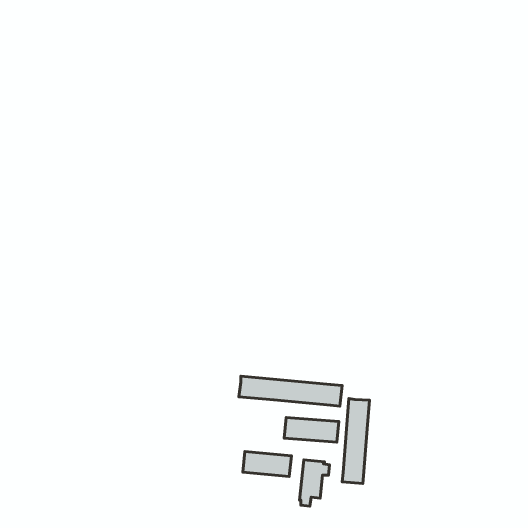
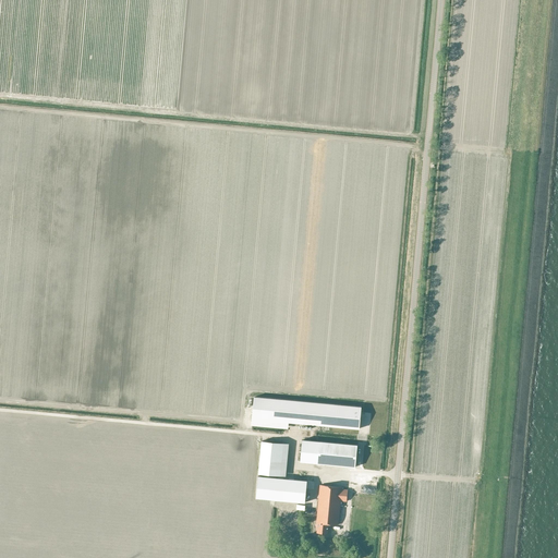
building: [342,399,369,483] -> none
building: none -> [258,441,283,475]

